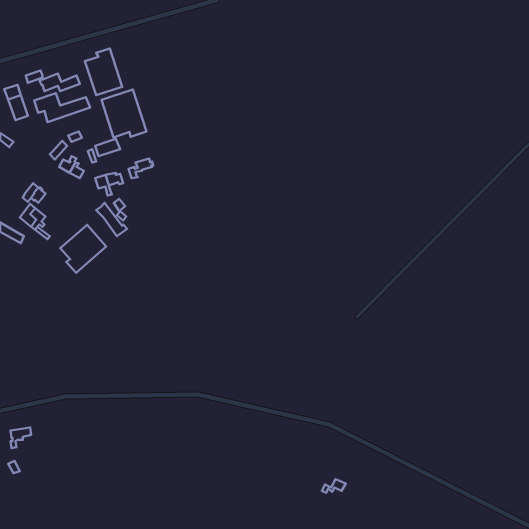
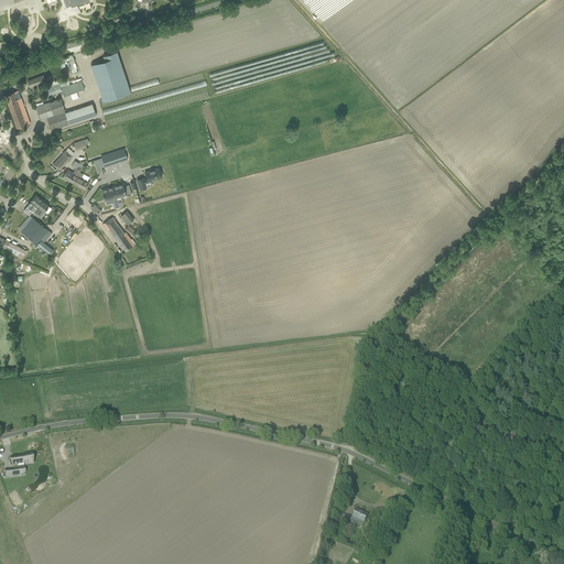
building: [102,89,147,137] -> none
building: [60,225,106,273] -> none

